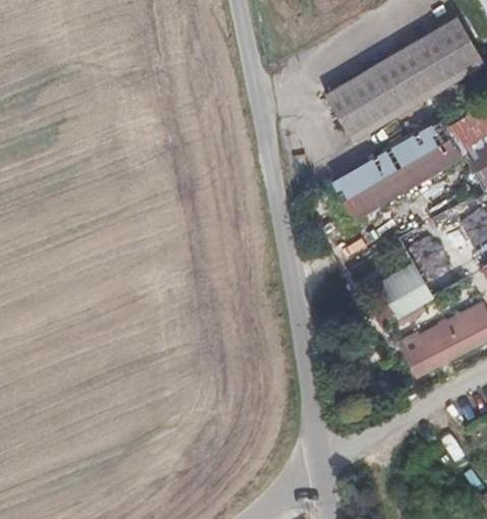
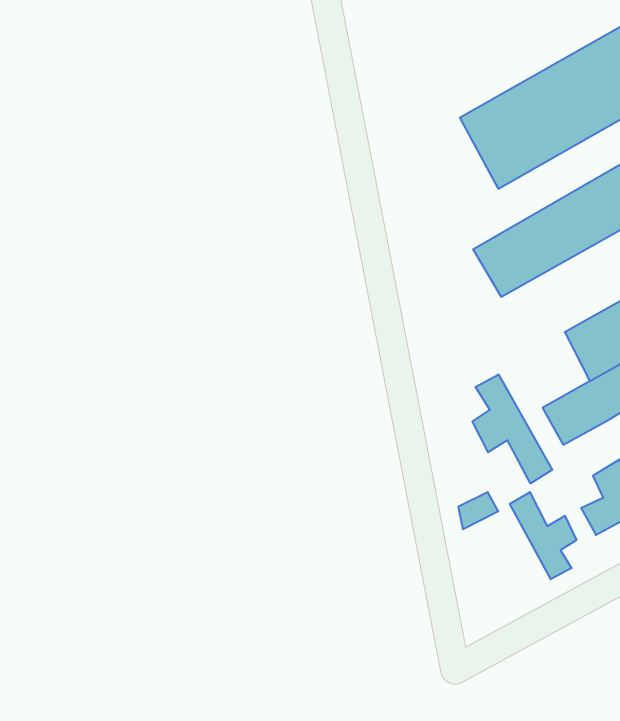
building: none -> [472,374,552,483]
building: none -> [510,492,576,579]

